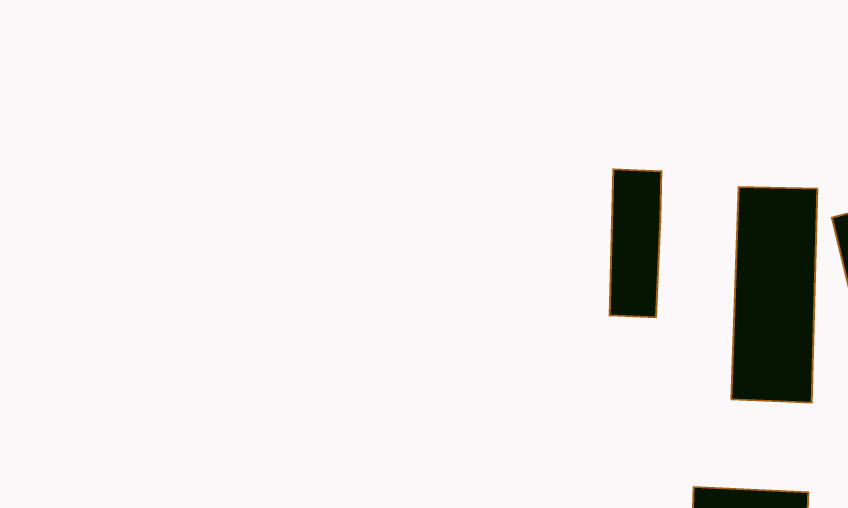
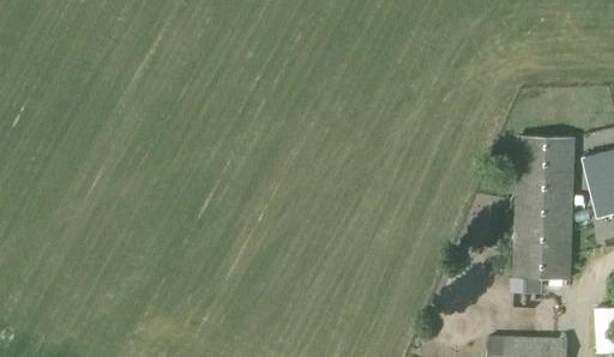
building: [610,169,661,317] -> none

